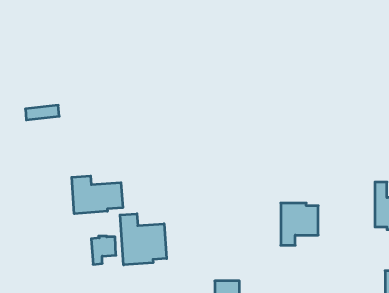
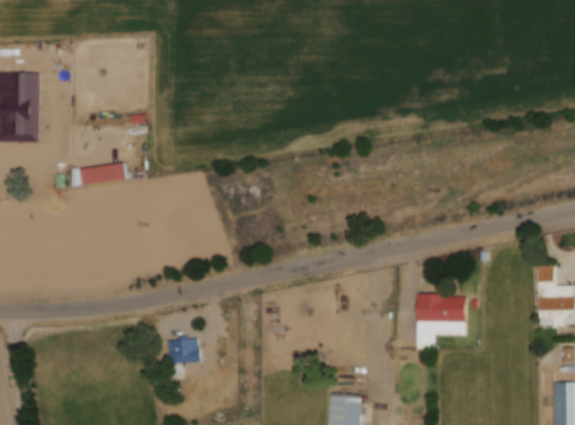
building: [72,176,123,214] -> none
building: [120,214,167,265] -> none

